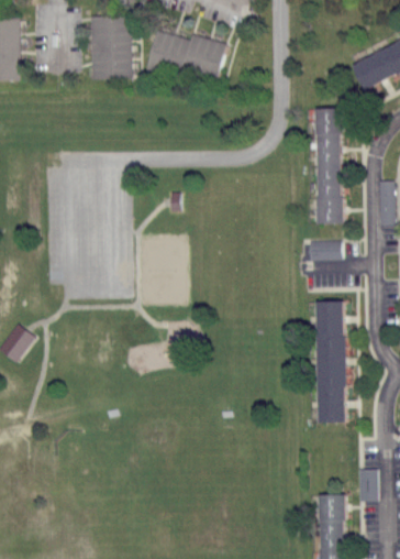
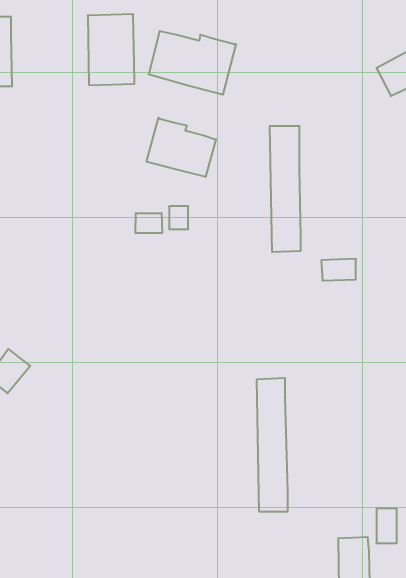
building: [315,109,344,224] -> [270,126,301,252]
building: none -> [147,118,216,177]
building: none -> [136,213,162,233]
building: [316,302,345,424] -> [257,378,288,511]

